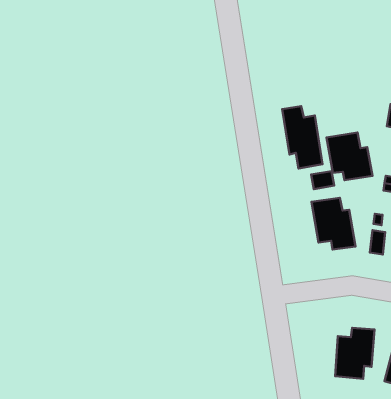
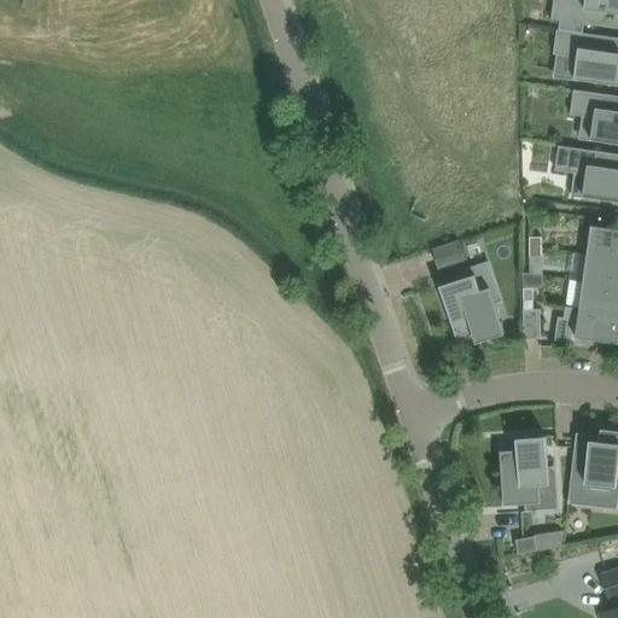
building: [282,106,323,168] -> none
building: [327,132,373,180] -> none

